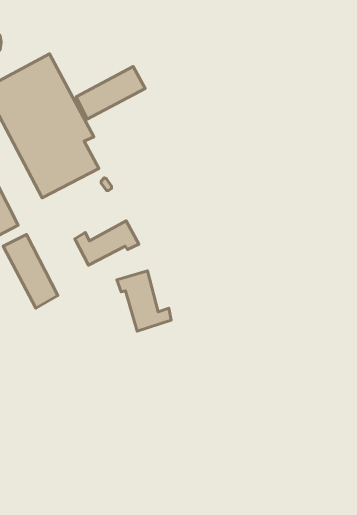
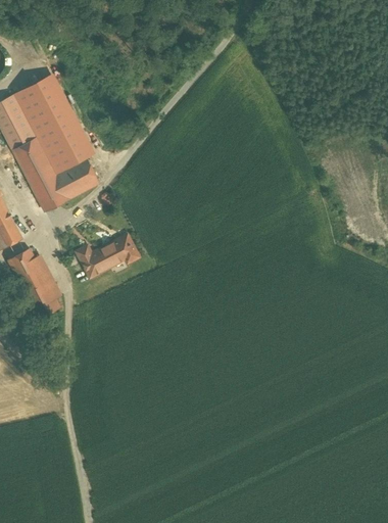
building: [76,66,145,119] -> none
building: [117,271,171,331] -> none

